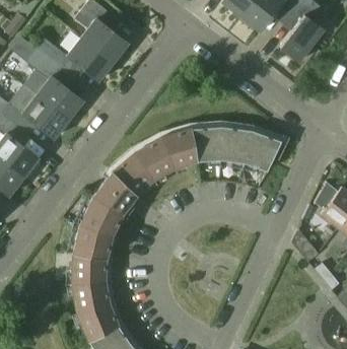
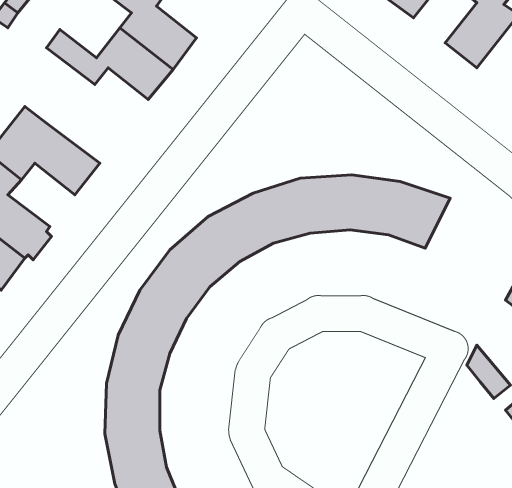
building: [23,50,83,120] -> none

